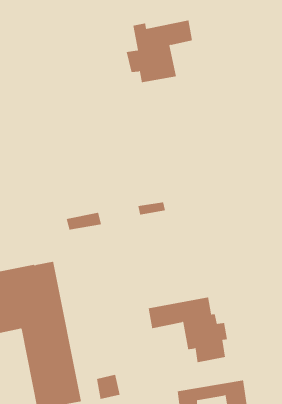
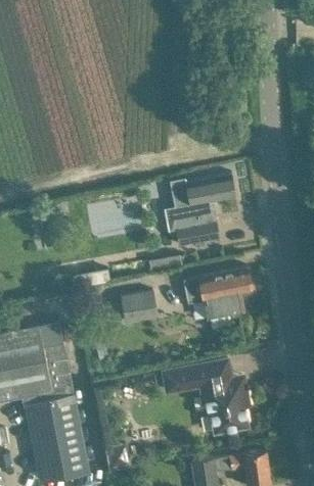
building: [126,20,193,83] -> [165,178,237,246]
building: none -> [185,269,254,321]
building: none -> [123,292,160,325]

